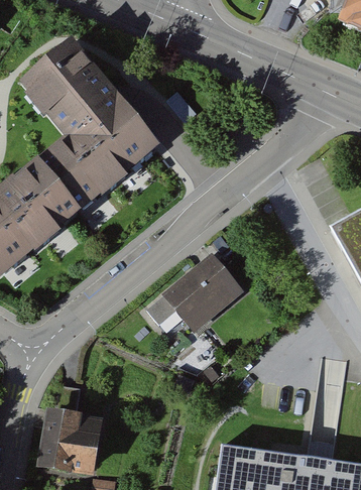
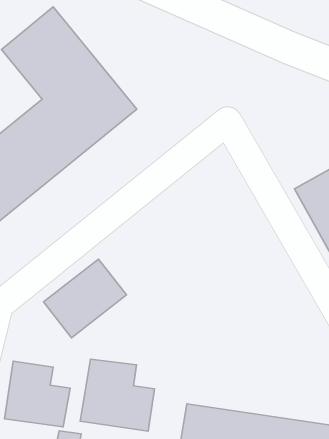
building: [152,254,236,334] -> [44,259,126,338]
building: none -> [80,359,155,431]

